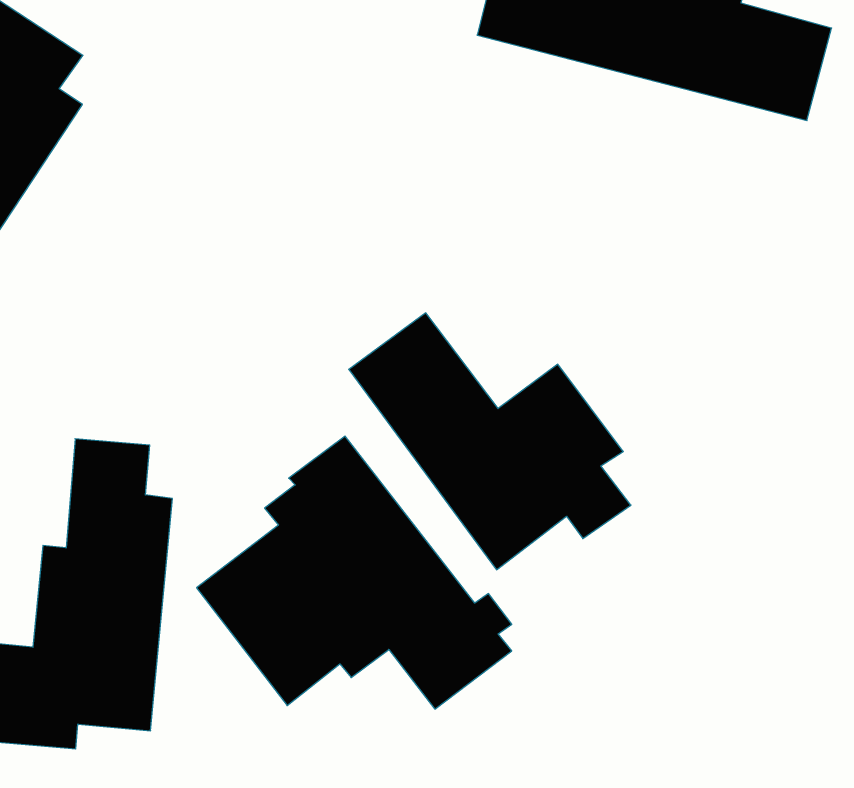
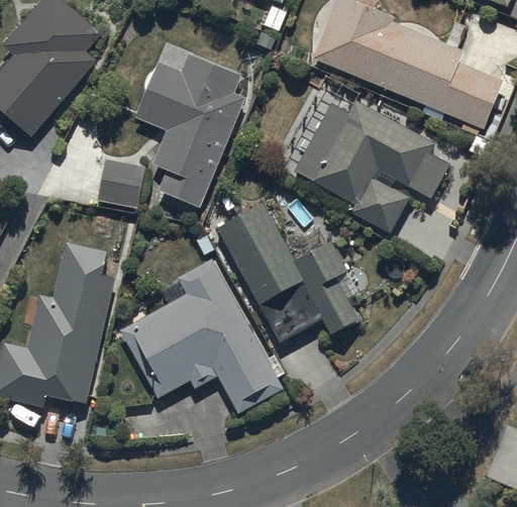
building: none -> [133,52,245,207]
building: none -> [294,101,449,234]
building: none -> [98,160,144,208]

